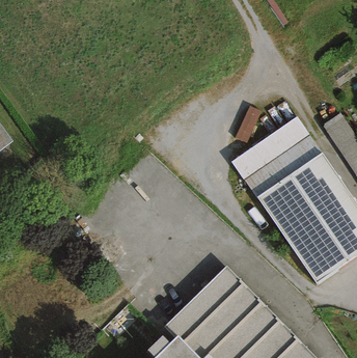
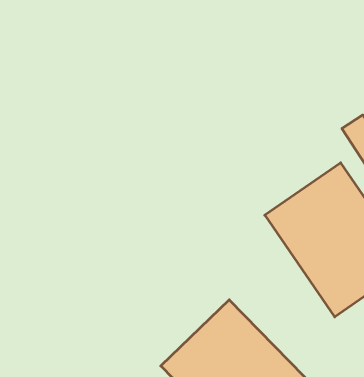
building: [231,116,322,197] -> none

